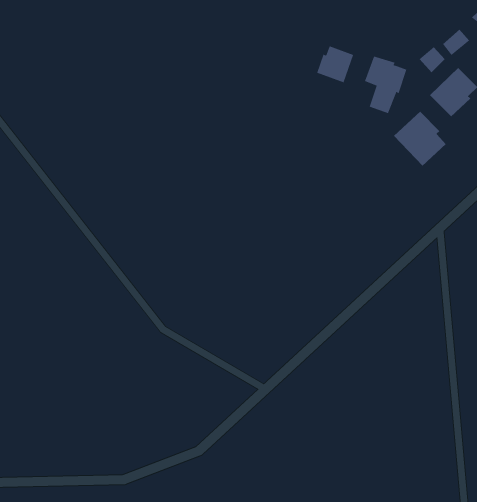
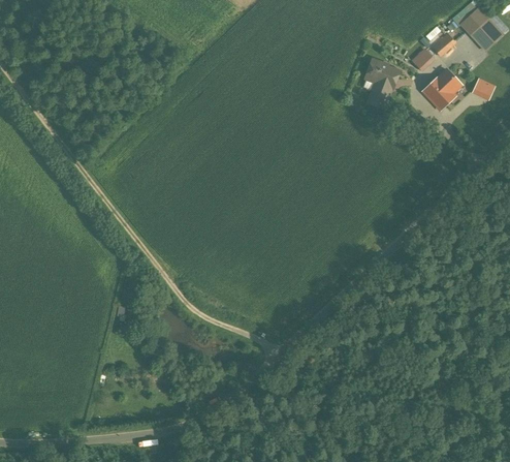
building: [316,46,354,83] -> none
building: [393,111,447,166] -> none

